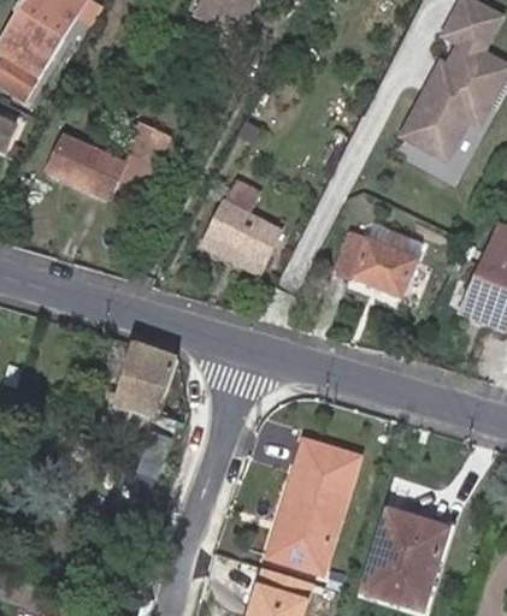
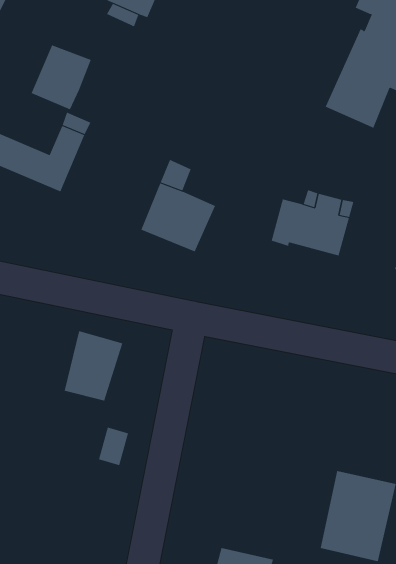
building: none -> [31,44,91,110]
building: [263,433,355,574] -> none

